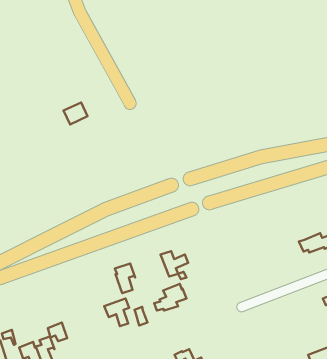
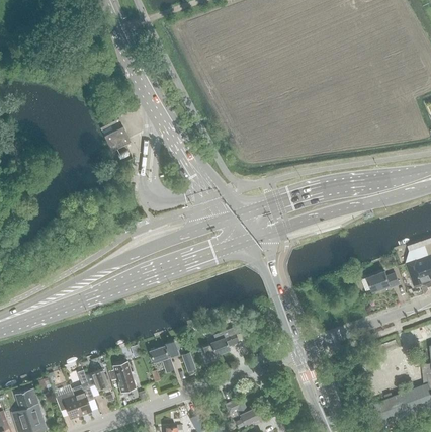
building: [161,251,188,277] -> none
building: [115,263,135,293] -> none
building: none -> [105,360,136,393]

